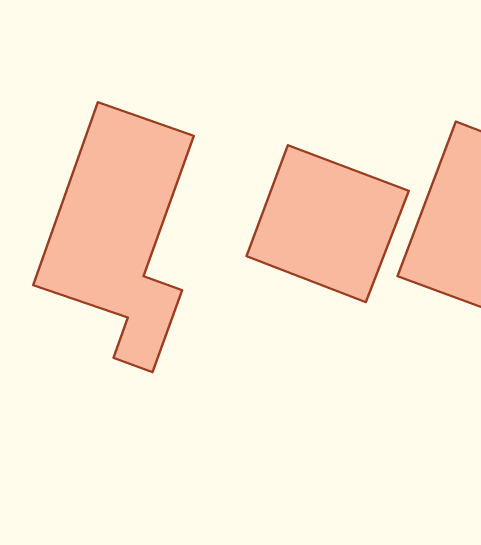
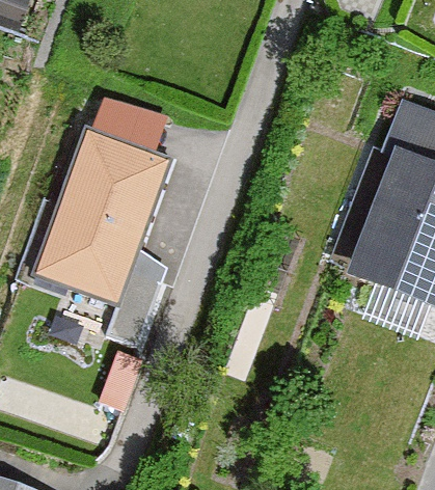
building: [247,145,409,302] -> none

